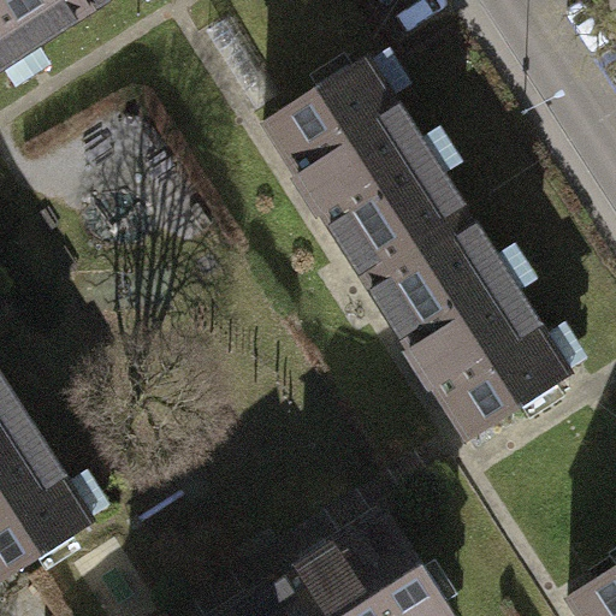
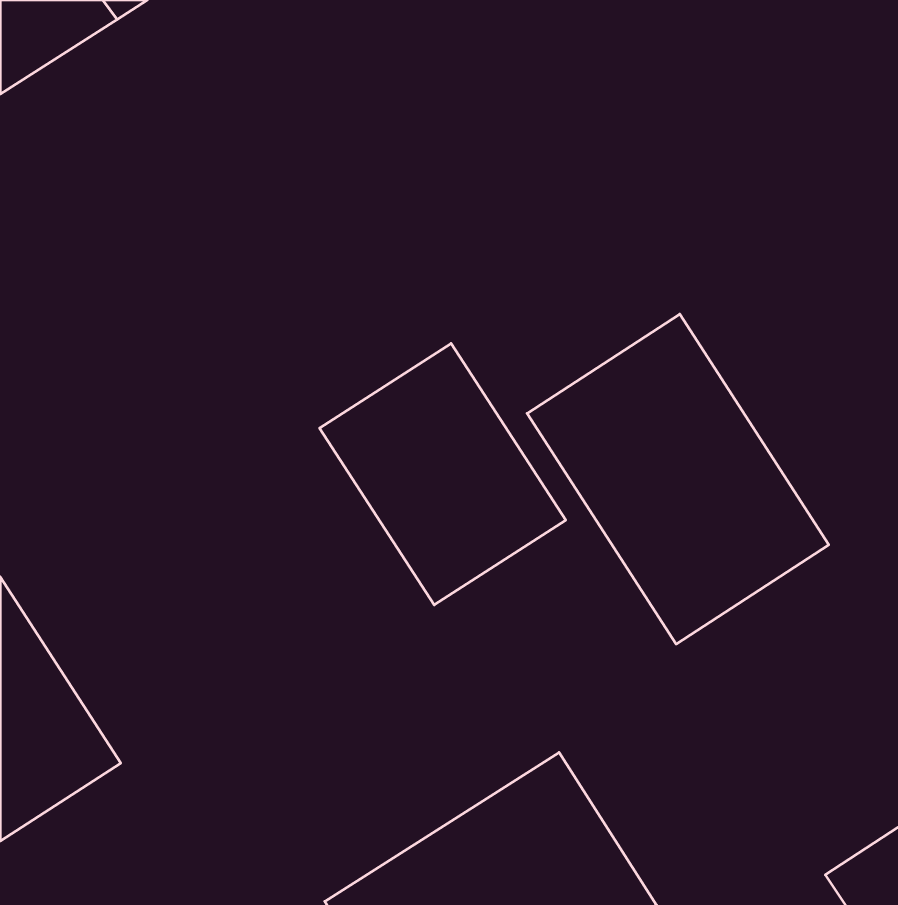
building: [261,58,467,282] -> none
building: none -> [320,343,566,605]

